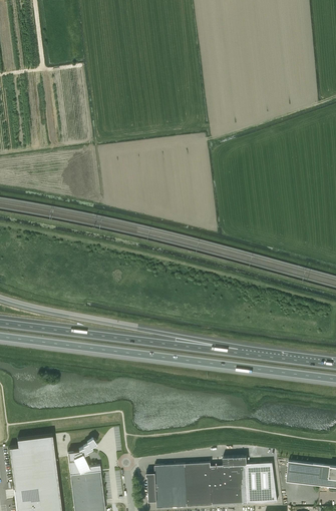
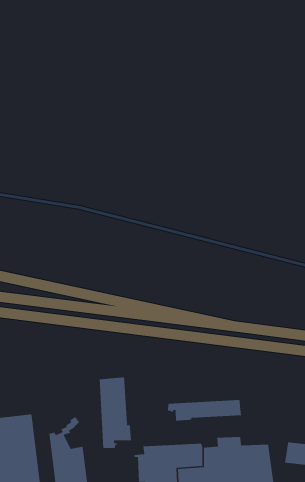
building: none -> [99,377,132,449]
building: none -> [167,399,242,421]

